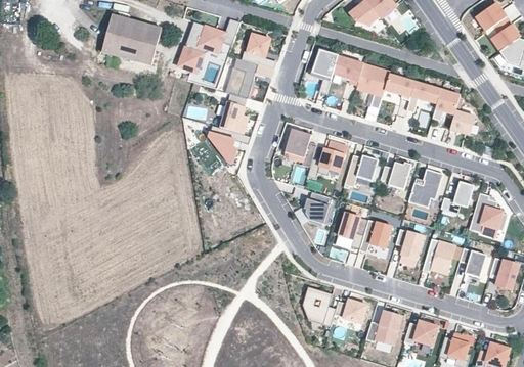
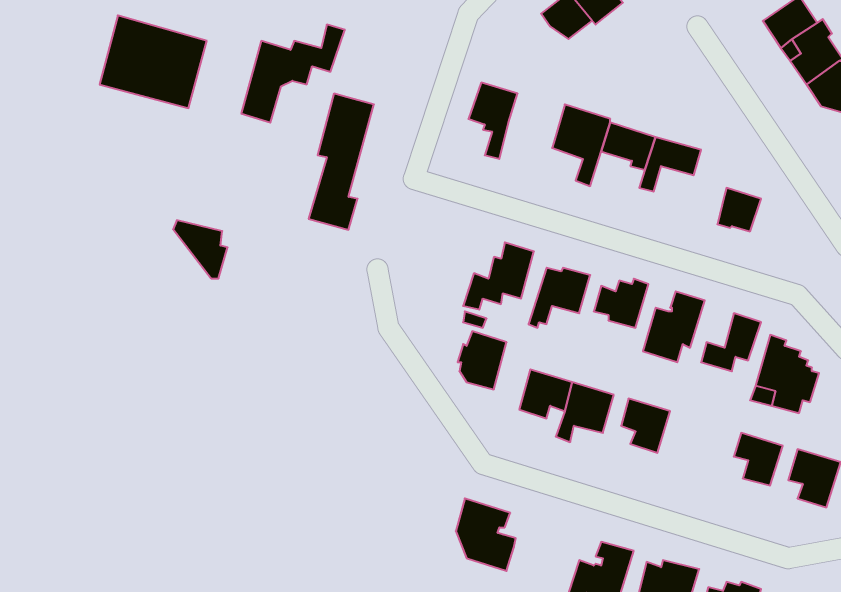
building: [242,34,277,70] -> none
building: [333,56,364,85] -> none
building: [433,89,461,121] -> none
building: [206,129,236,162] -> [173,220,228,278]
building: [285,129,317,168] -> none
building: [423,238,455,274] -> none
building: [336,299,368,323] -> none

